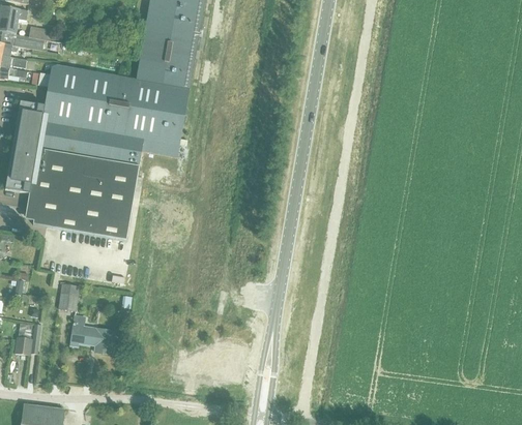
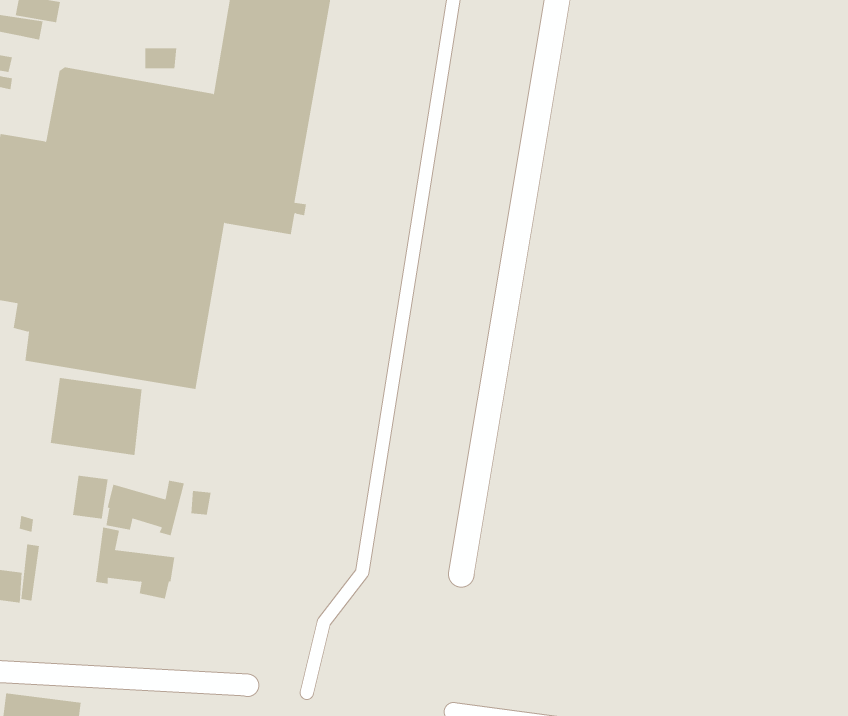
building: none -> [50,377,142,456]
building: none -> [106,480,184,536]

